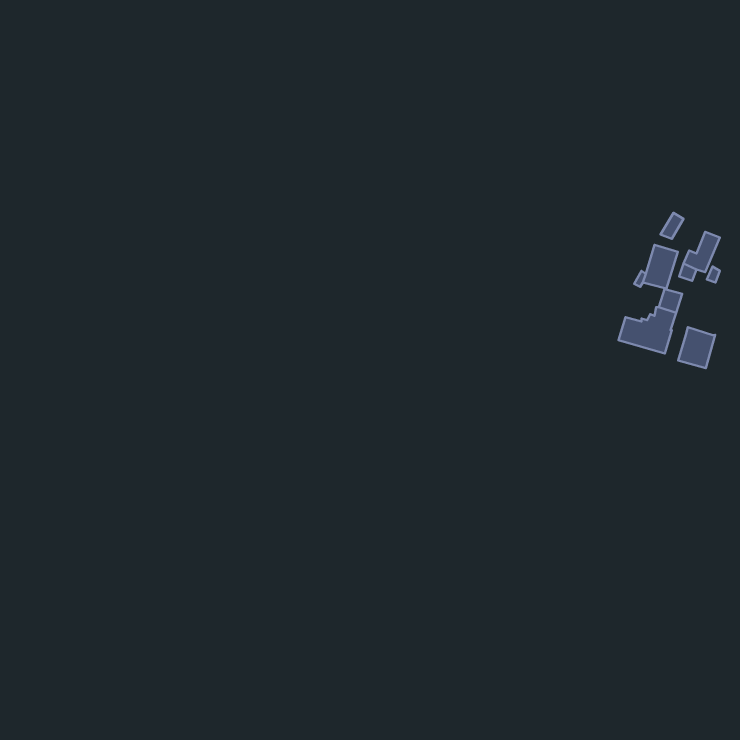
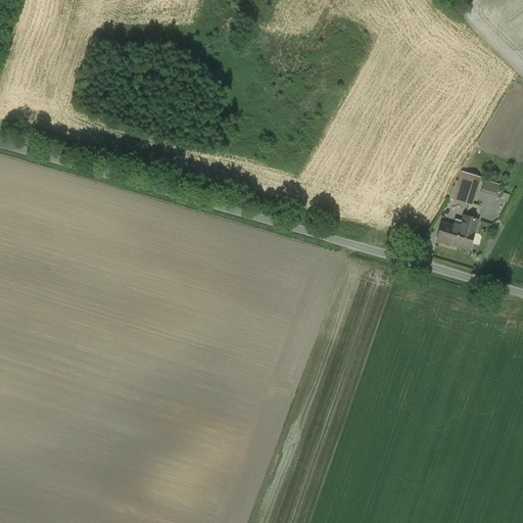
building: [678,327,715,368] -> none

